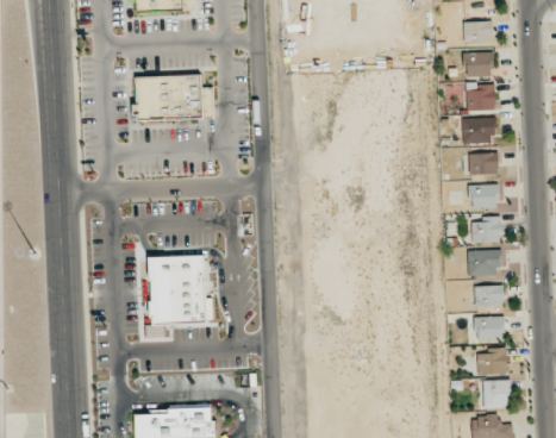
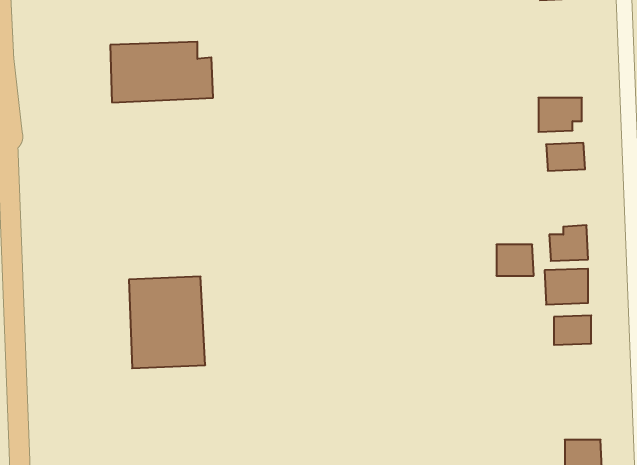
building: [464,51,493,76] -> none
building: [467,83,495,111] -> none
building: [470,184,499,208] -> [496,245,534,276]
building: [476,315,505,340] -> none
building: [477,348,507,374] -> none

